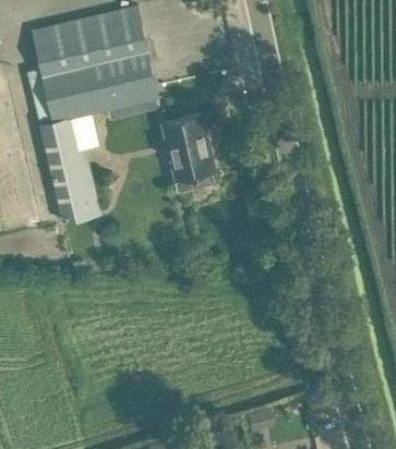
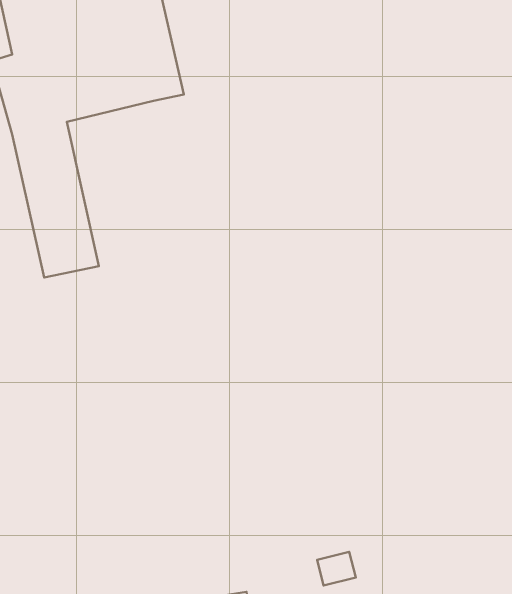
building: [161,113,214,179] -> none

